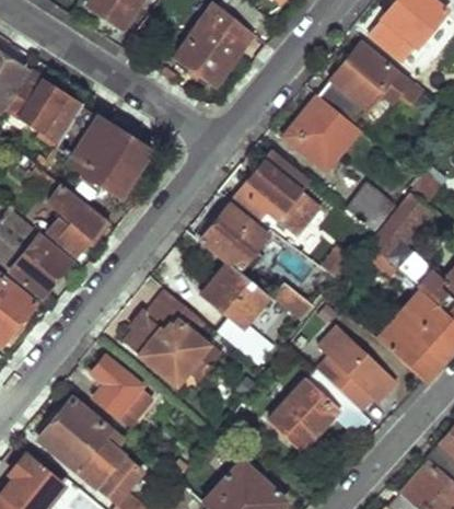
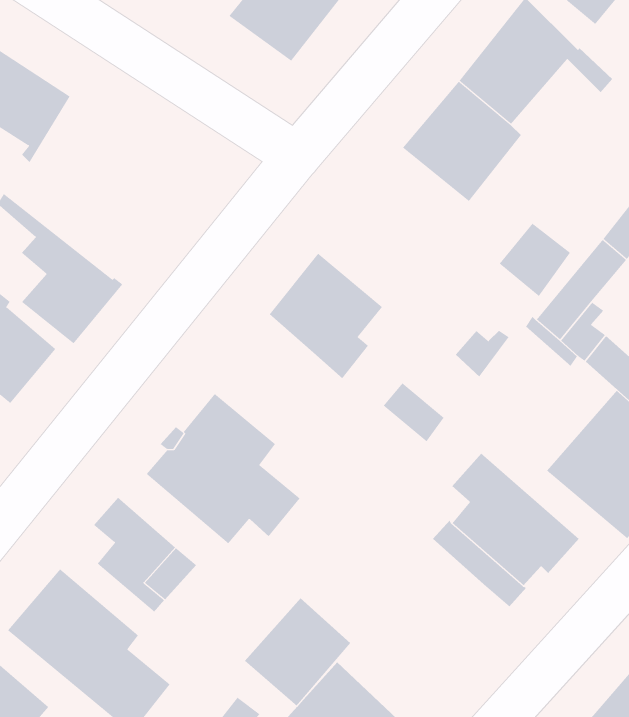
building: [54,108,148,190] -> none
building: [234,153,307,232] -> none
building: [206,265,277,369] -> none
building: [268,381,335,449] -> [244,598,351,706]

